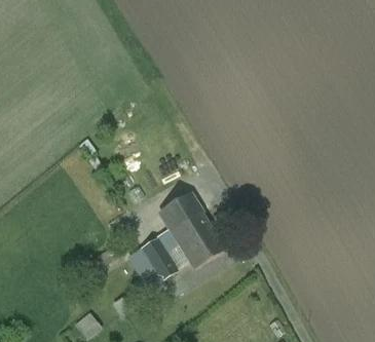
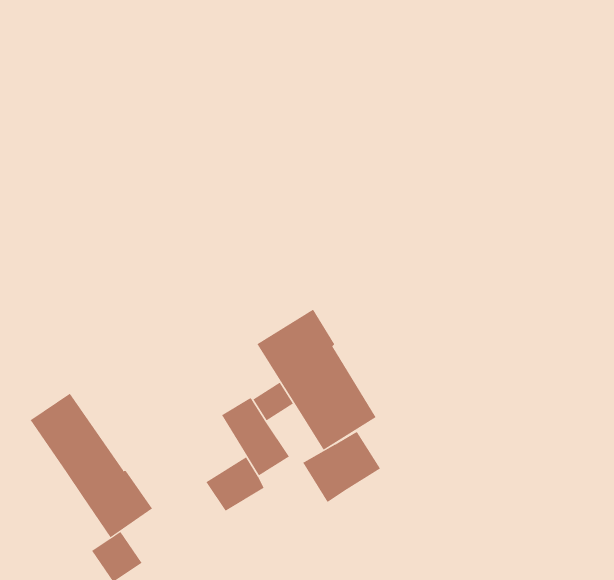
building: none -> [30,393,153,538]
building: none -> [302,431,381,503]

